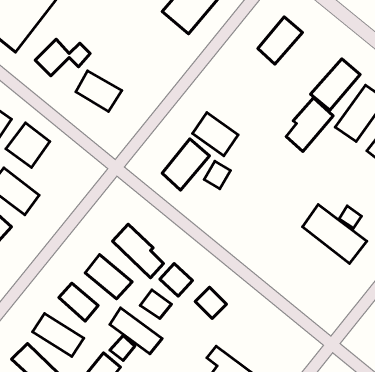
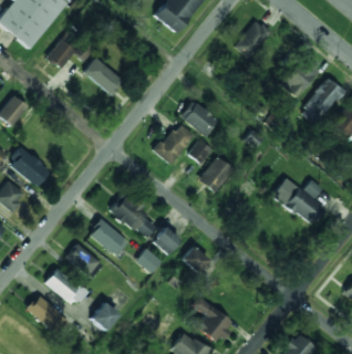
building: [286,98,333,151] -> none
building: [6,123,50,167] -> none
building: none -> [198,156,232,192]
building: [110,308,162,354] -> none

